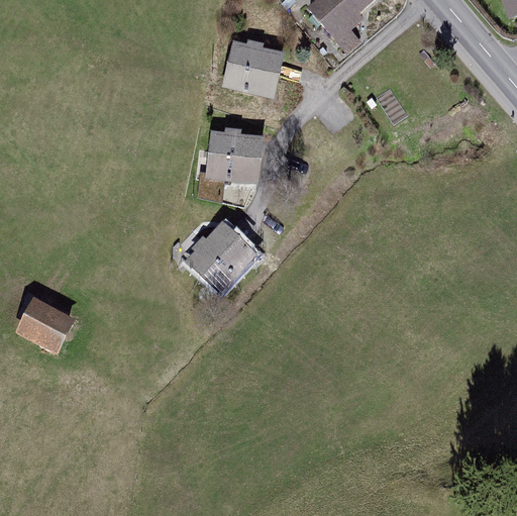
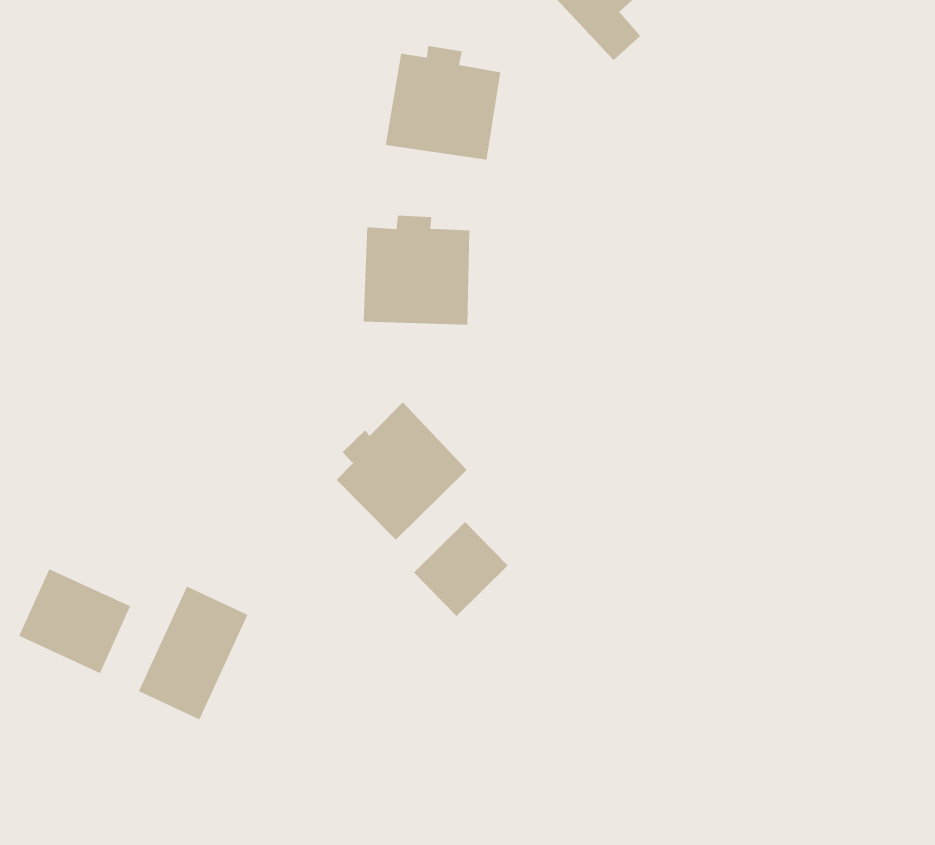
building: none -> [413,521,508,617]
building: none -> [138,585,248,720]

